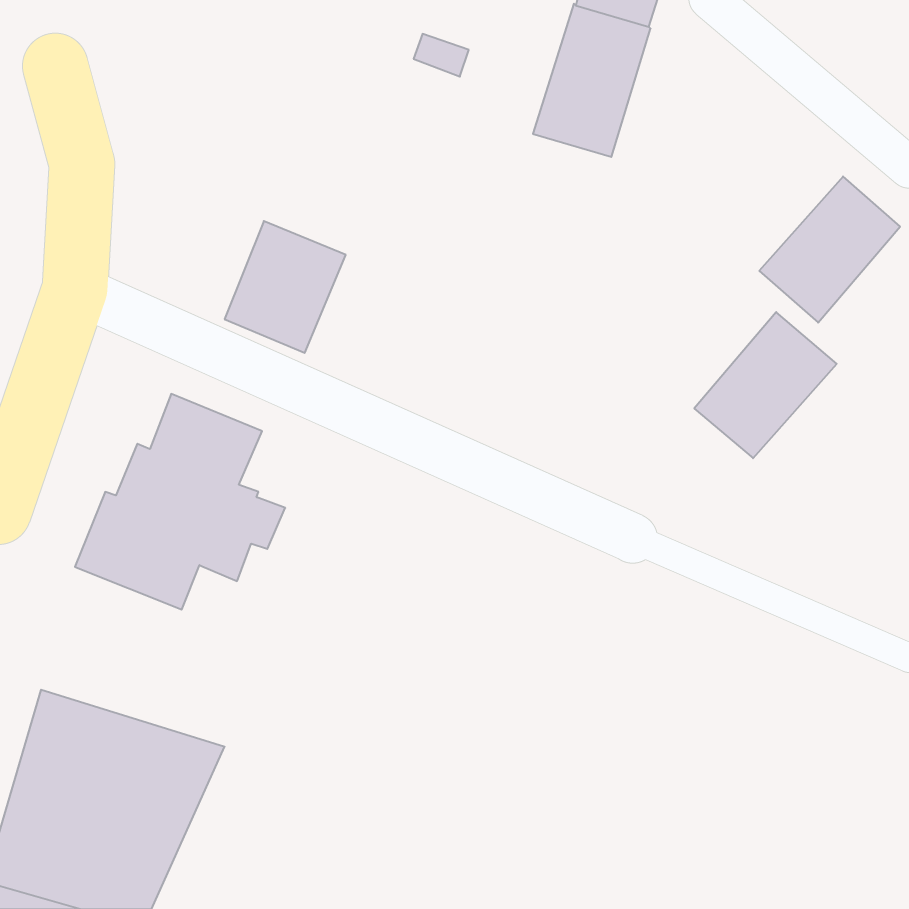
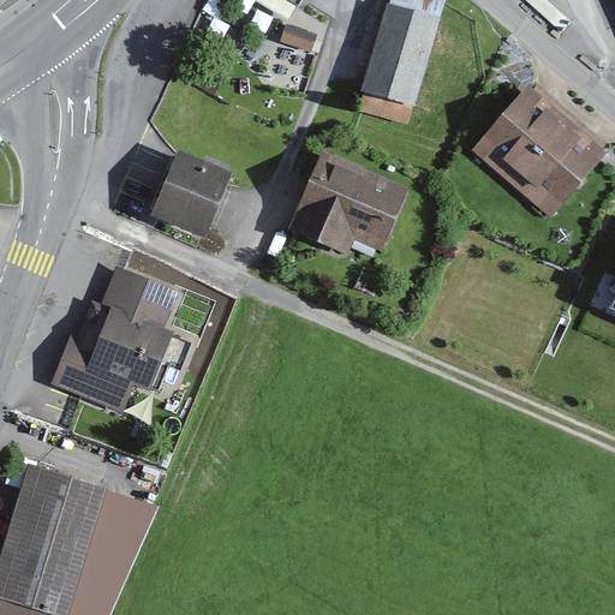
building: none -> [287,150,408,255]
building: [694,312,837,458] -> [472,84,568,183]

